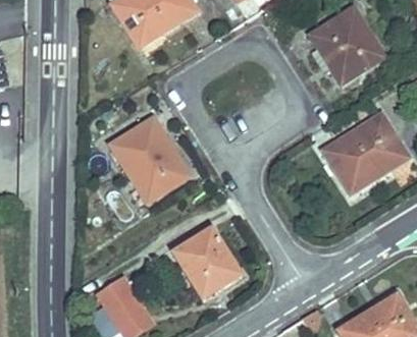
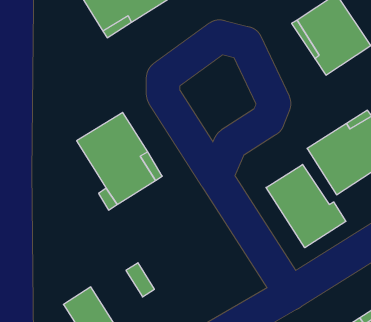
building: none -> [266,164,346,248]
building: [174,229,240,297] -> none

